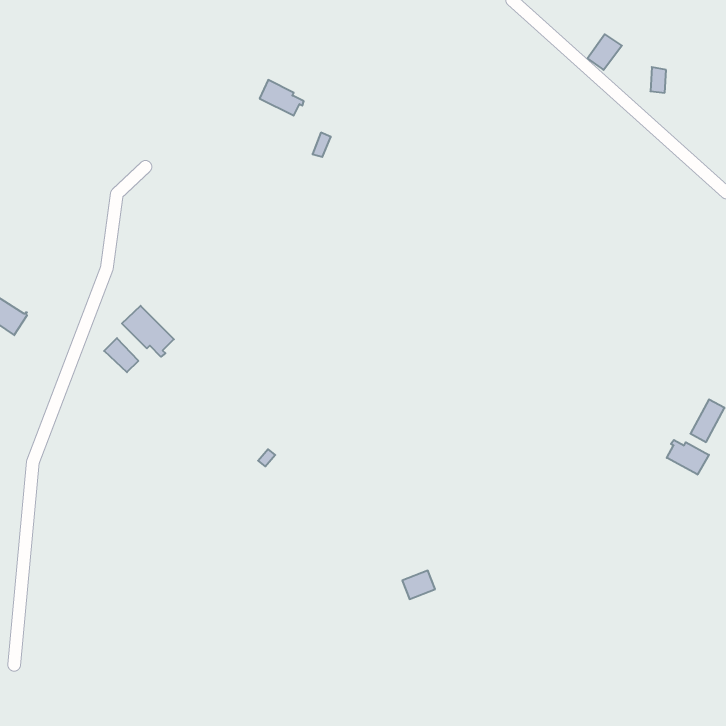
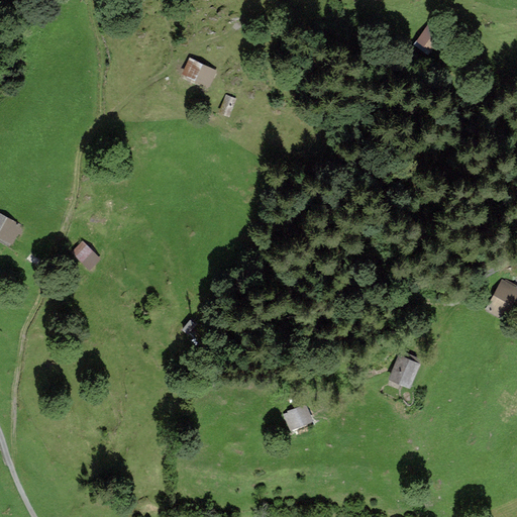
building: [122,306,174,357] -> none
building: [667,440,709,475] -> none
building: none -> [389,356,416,385]

